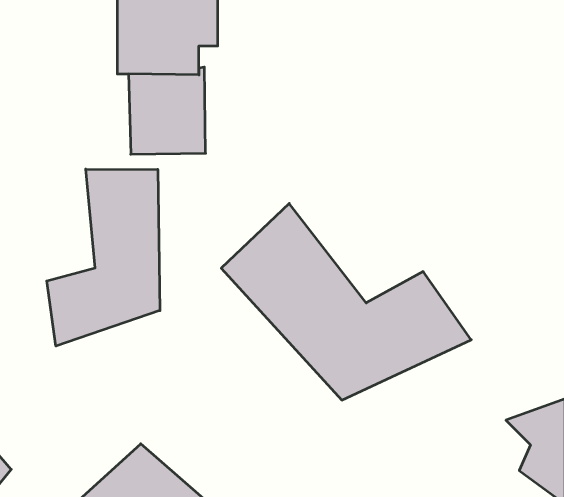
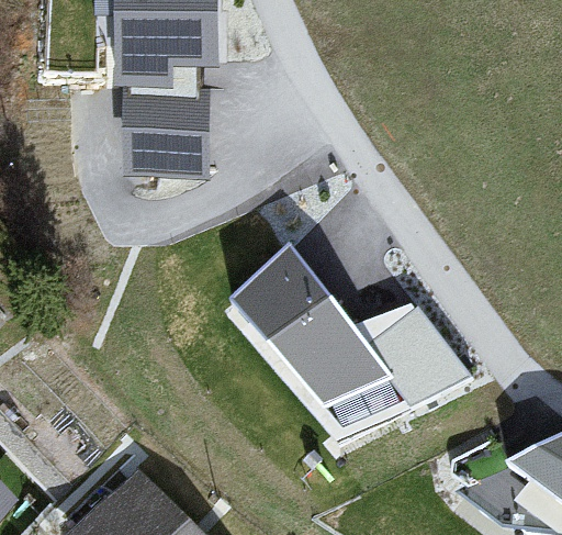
building: [47,169,160,346] -> none

